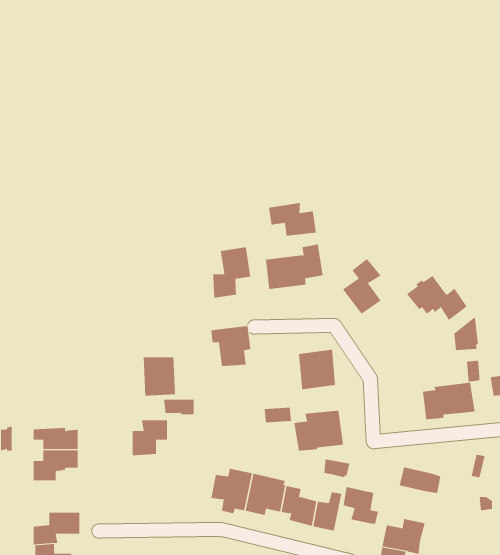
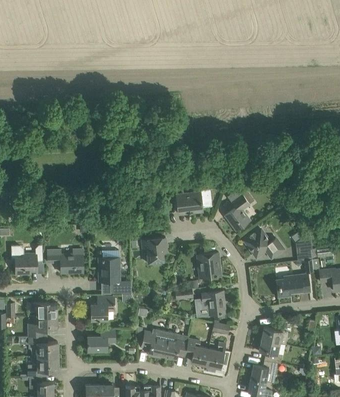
building: [268,202,317,236] -> none
building: [212,247,251,298] -> none
building: [406,275,467,321] -> [243,229,282,258]
building: none -> [10,245,41,274]
building: none -> [47,249,82,273]
building: none -> [86,329,114,350]
building: none -> [27,336,57,356]
building: [343,487,379,524] -> [258,339,281,363]

